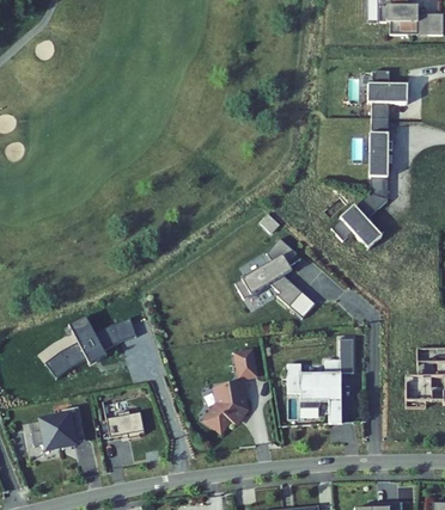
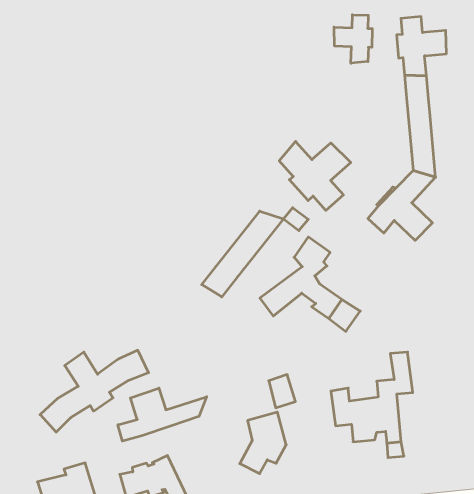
building: none -> [334,15,372,63]
building: none -> [279,141,351,210]
building: none -> [202,211,283,297]
building: none -> [118,388,207,441]

